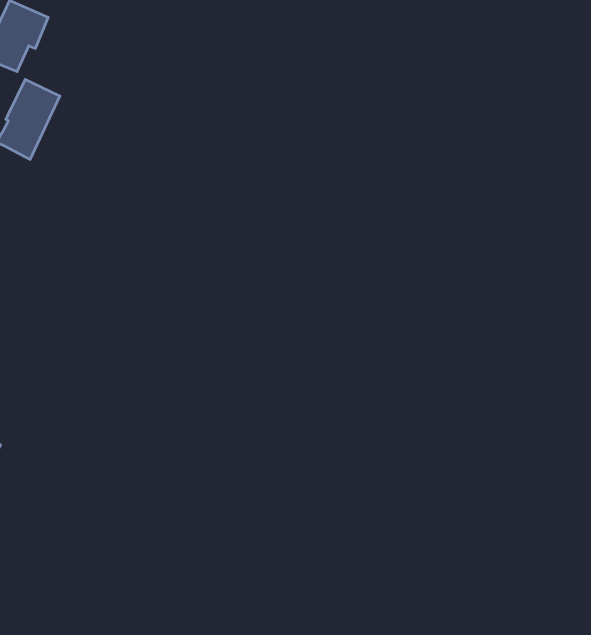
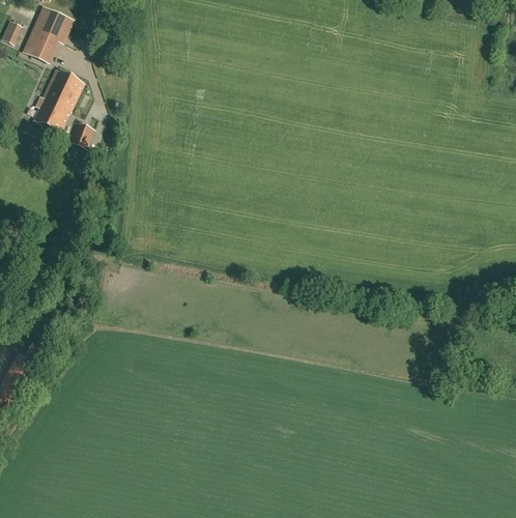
building: none -> [67,121,96,150]

